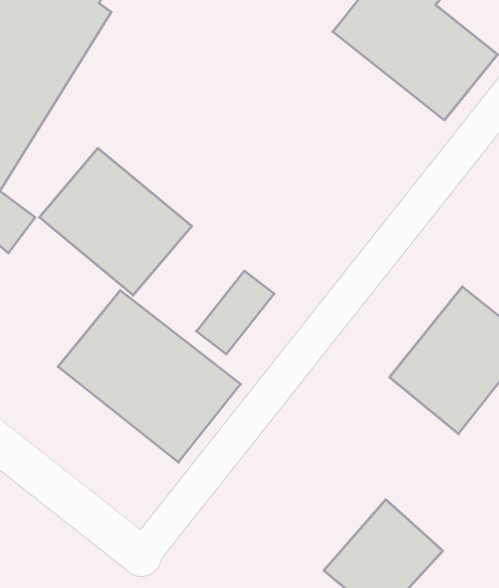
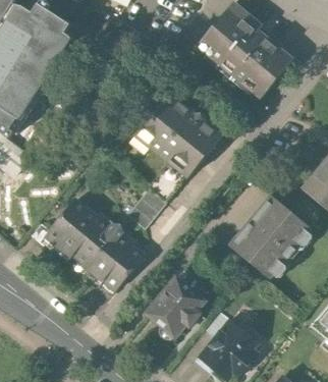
building: [39,148,192,295] -> [134,90,222,174]
building: none -> [145,272,213,341]

